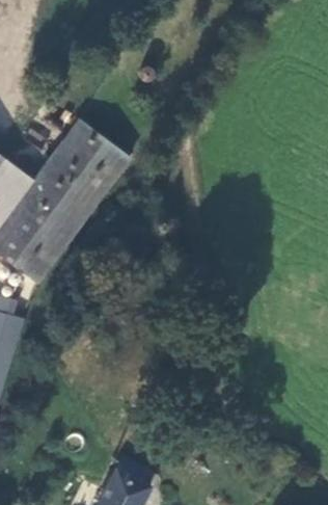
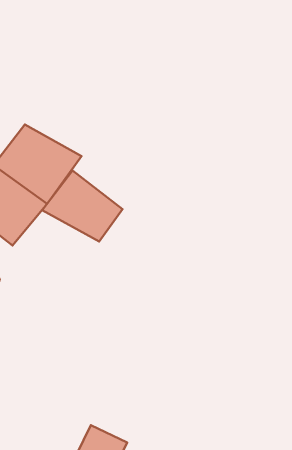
building: [49,118,131,191] -> [42,171,122,242]

